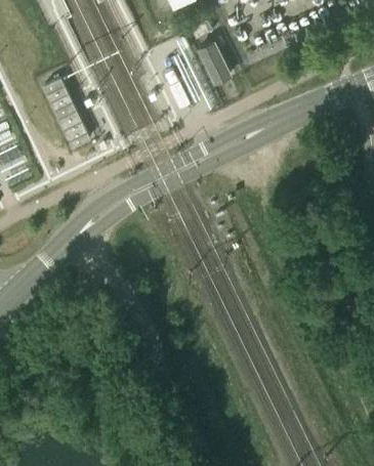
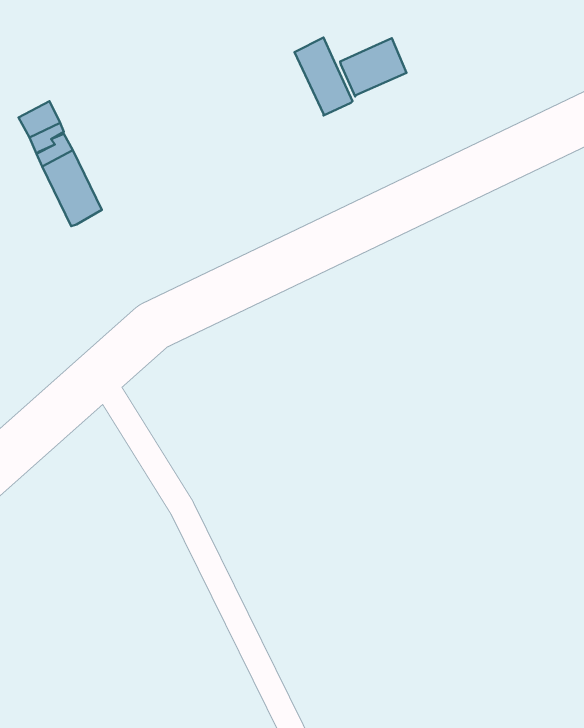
building: none -> [340,38,407,97]

